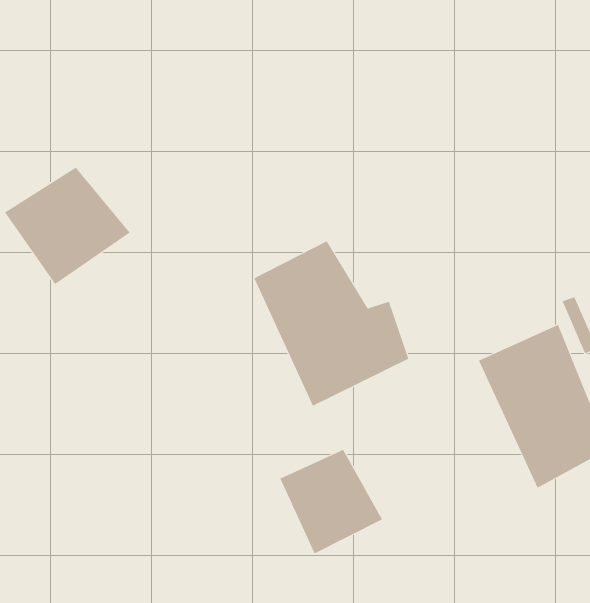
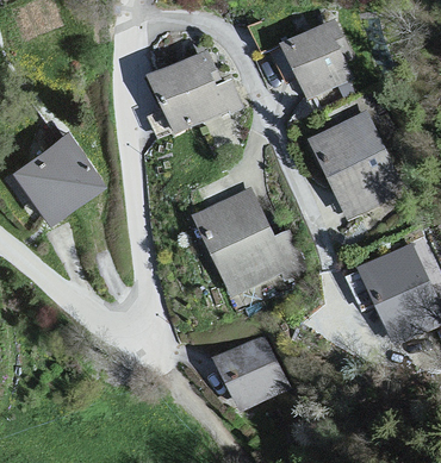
building: none -> [284,24,350,98]
building: none -> [149,55,241,133]
building: none -> [305,114,392,220]

